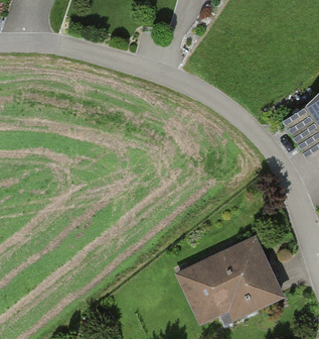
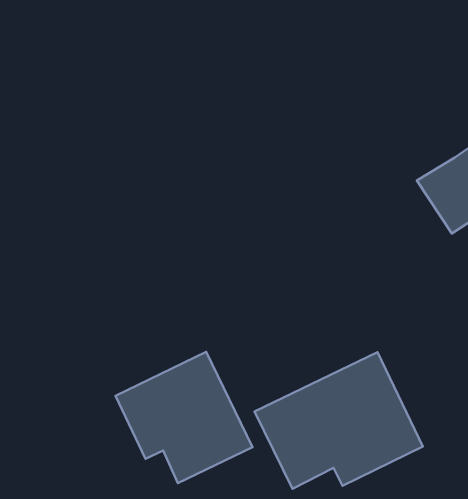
building: none -> [116,352,253,483]

